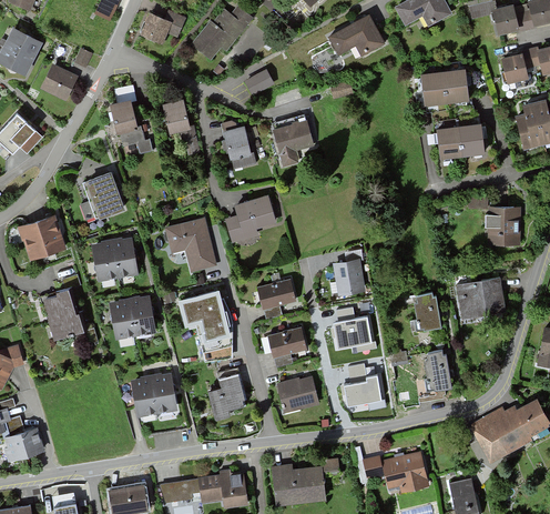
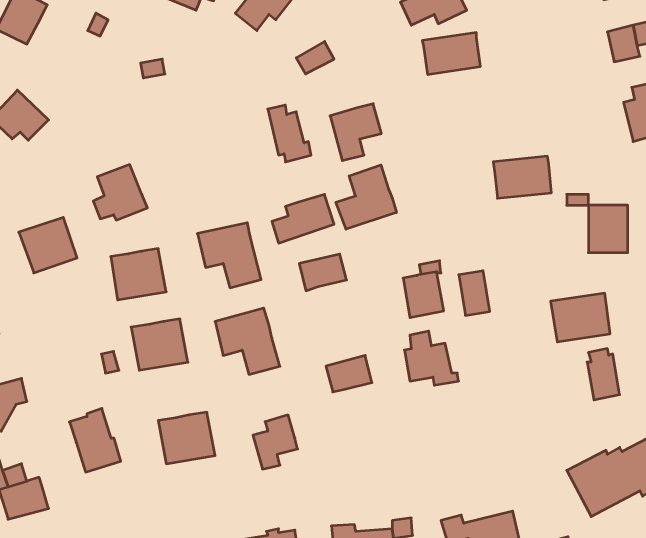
building: [42,62,79,98] -> none
building: [421,71,469,105] -> [422,33,480,74]
building: [163,100,192,137] -> none
building: [110,101,152,152] -> none
building: [436,123,483,158] -> [493,156,551,198]
building: none -> [336,165,396,229]
building: [258,280,297,310] -> [299,254,347,291]
building: [42,290,84,342] -> [69,408,121,472]
building: [412,293,438,330] -> [459,271,490,315]
building: [421,349,448,391] -> [587,349,620,400]
building: [345,364,387,410] -> none
building: [277,376,319,413] -> none

